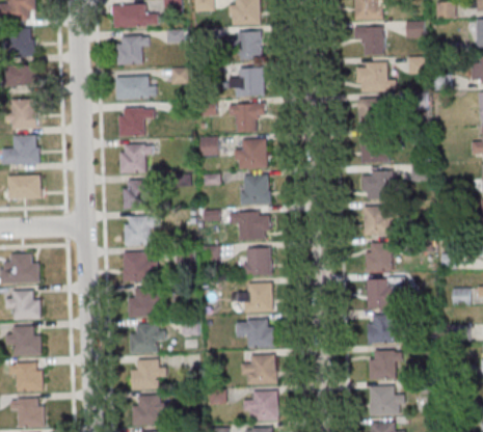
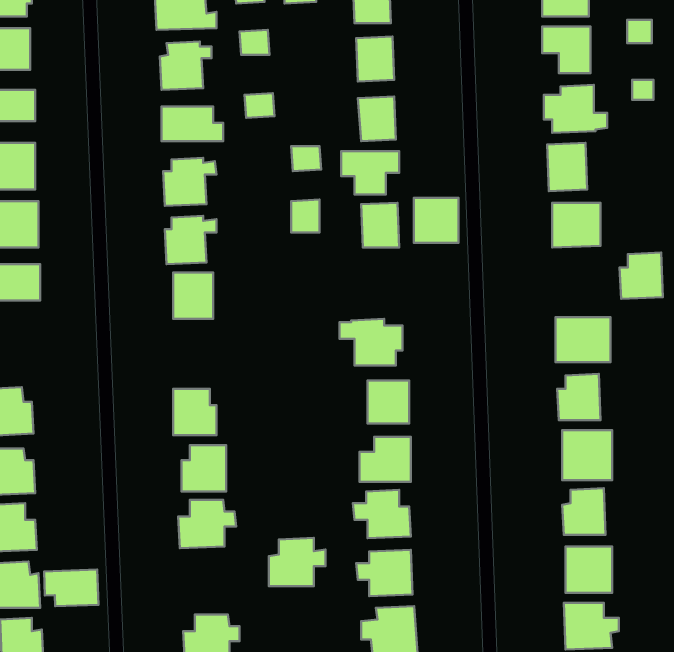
building: [366,171,393,200] -> [619,252,663,299]
building: [242,174,270,203] -> [414,198,459,243]
building: [123,214,158,244] -> none
building: [130,357,165,387] -> [269,538,325,586]
building: none -> [44,570,99,606]

